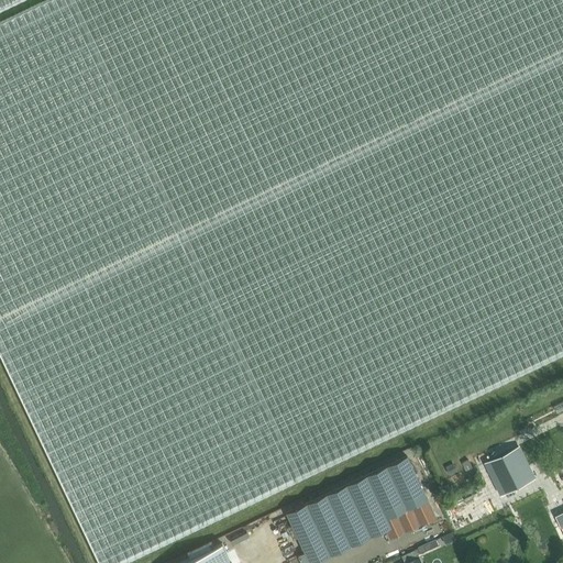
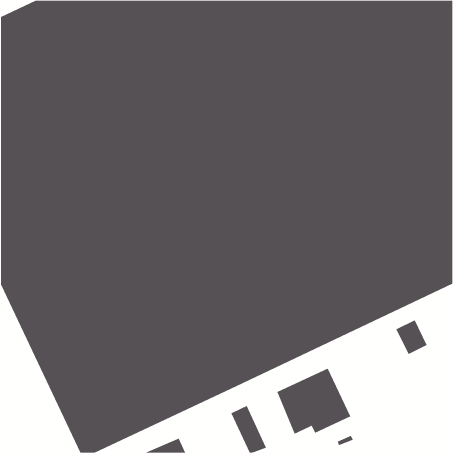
building: [489,449,529,493] -> [396,319,428,355]
building: [307,486,365,555] -> none

